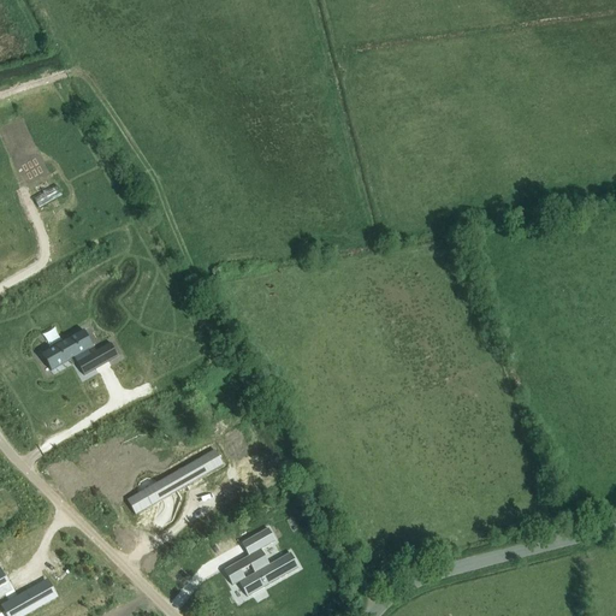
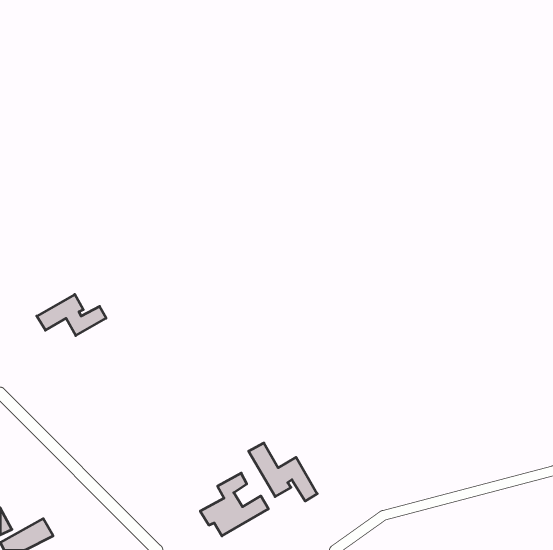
building: [125,454,213,515] -> none
building: none -> [249,443,317,501]

